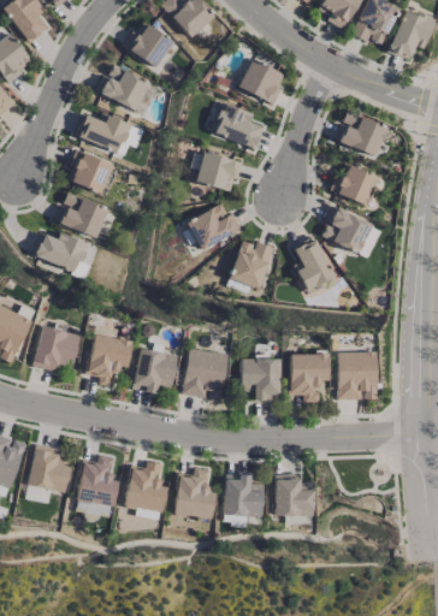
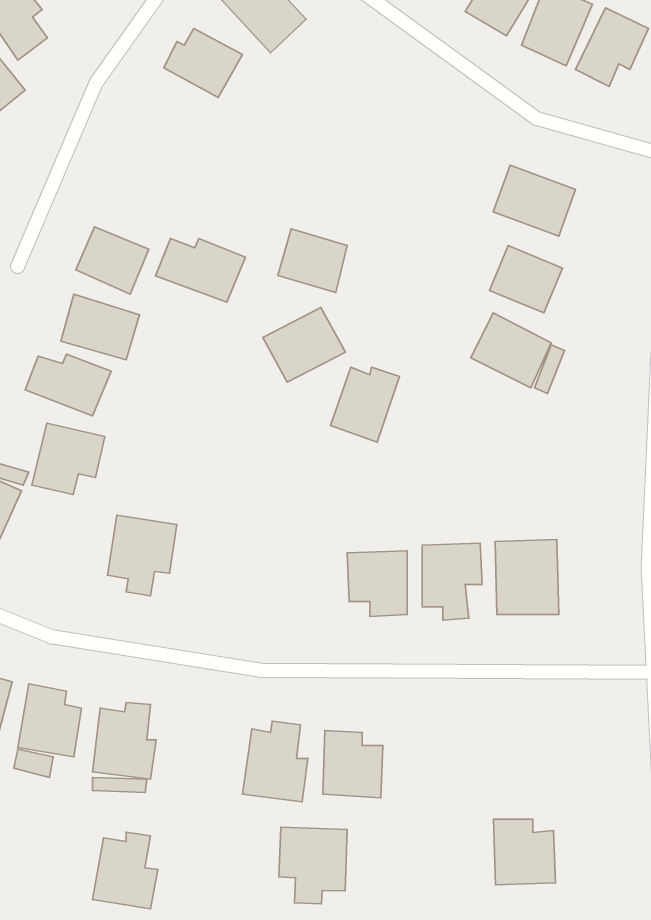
building: [238,59,286,103] -> none
building: [95,66,149,109] -> none
building: [214,105,262,147] -> none
building: [75,113,132,154] -> [156,238,246,302]
building: [294,237,336,292] -> none
building: [34,326,81,372] -> [32,423,105,494]
building: [132,348,178,393] -> none
building: [183,349,226,399] -> none
building: [125,462,167,511] -> [92,832,158,909]
building: [276,474,315,516] -> [494,819,555,885]
building: none -> [279,827,347,904]

